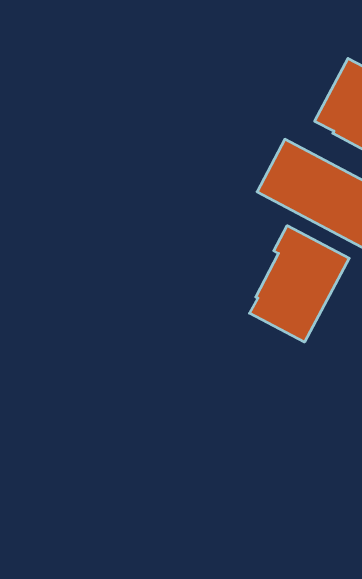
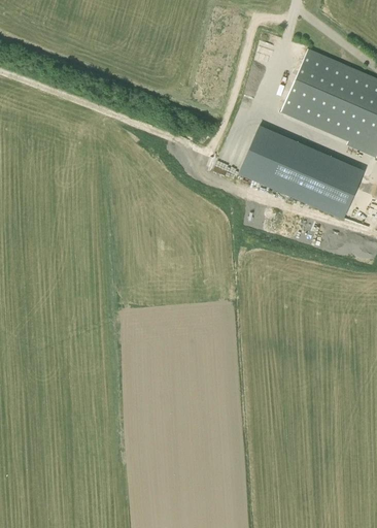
building: [249,226,349,342] -> none

